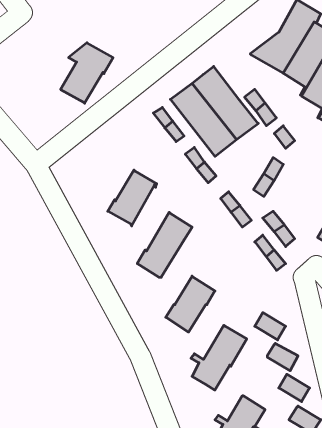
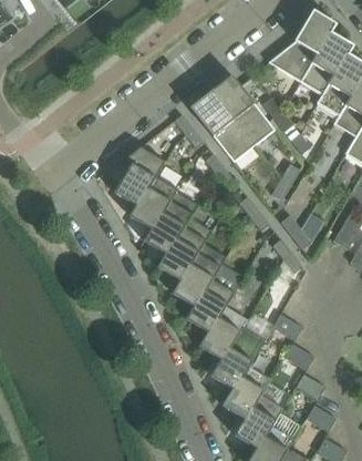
building: [61,43,113,103] -> [114,146,165,205]
building: none -> [144,189,198,254]
building: none -> [173,243,226,306]
building: none -> [199,306,247,359]
building: none -> [223,365,271,419]

